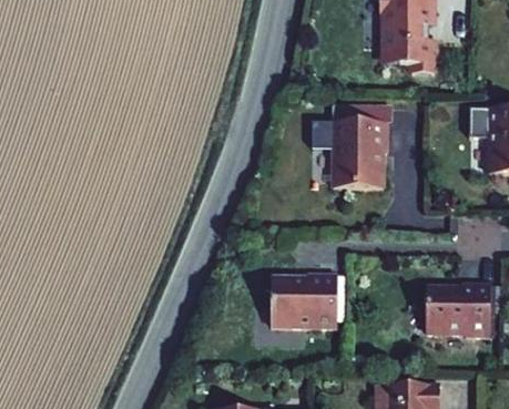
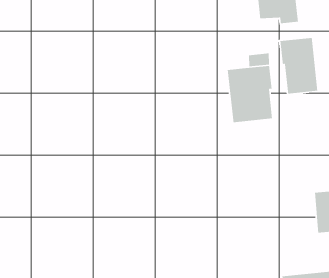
building: none -> [280,37,318,94]
building: [273,273,338,315] -> none

